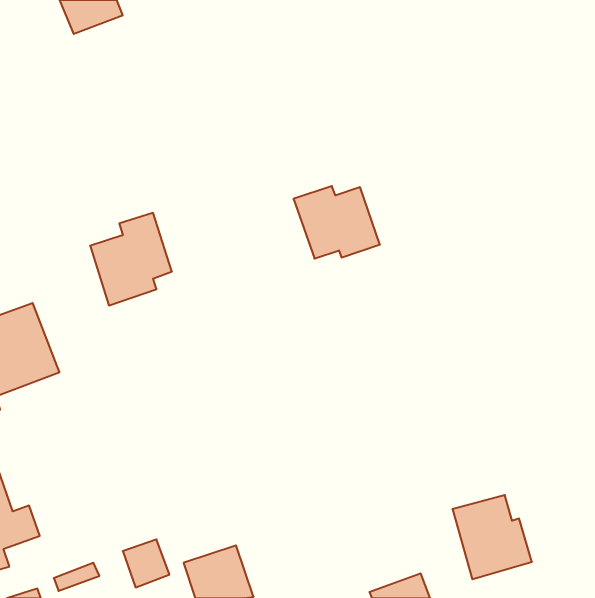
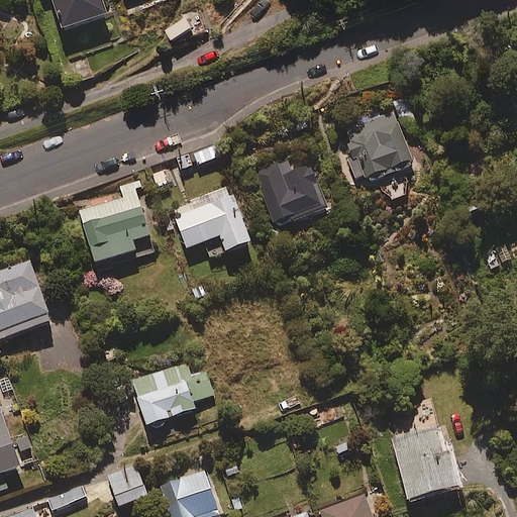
building: none -> [344,111,413,183]
building: none -> [172,185,250,257]
building: none -> [131,364,212,425]

